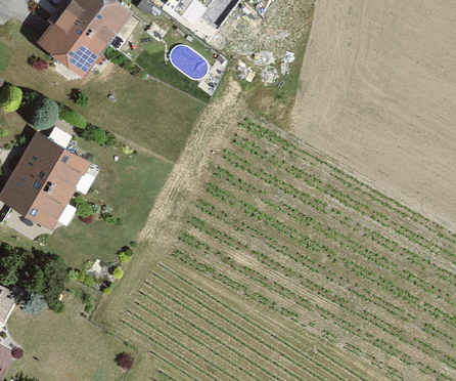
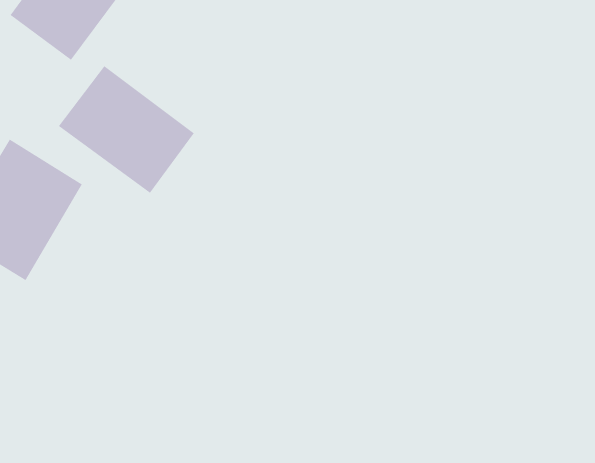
building: none -> [58,65,195,194]

